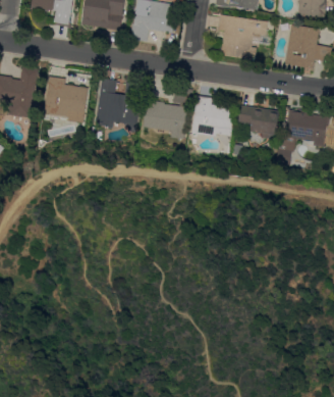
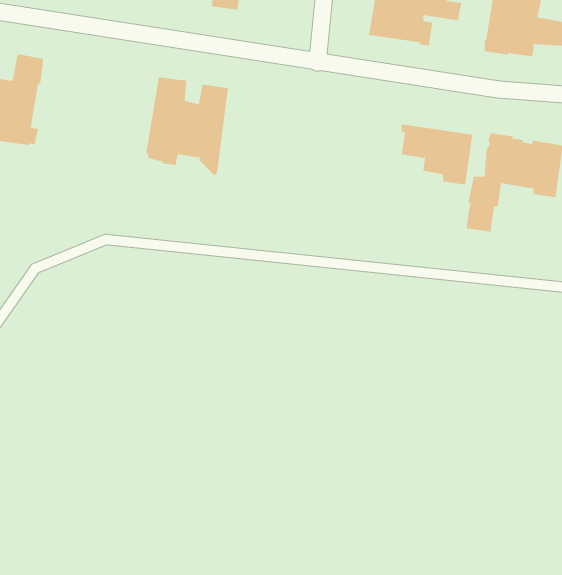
building: [43,76,88,118] -> none
building: [144,93,190,138] -> none
building: [190,95,234,136] -> none

